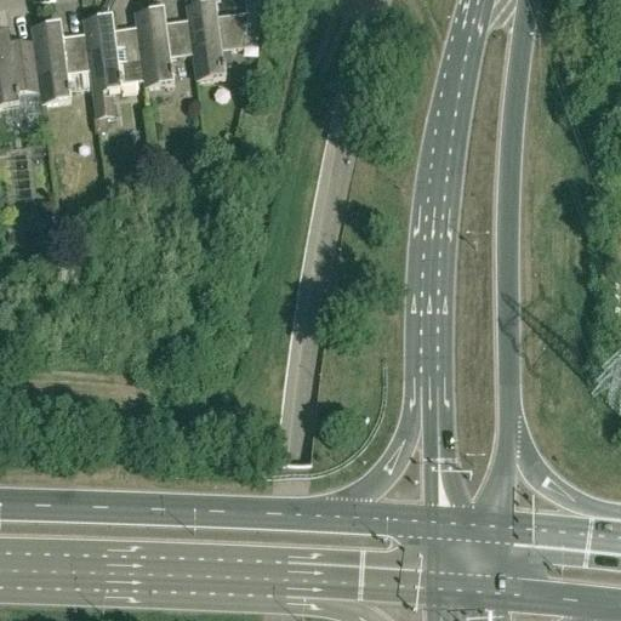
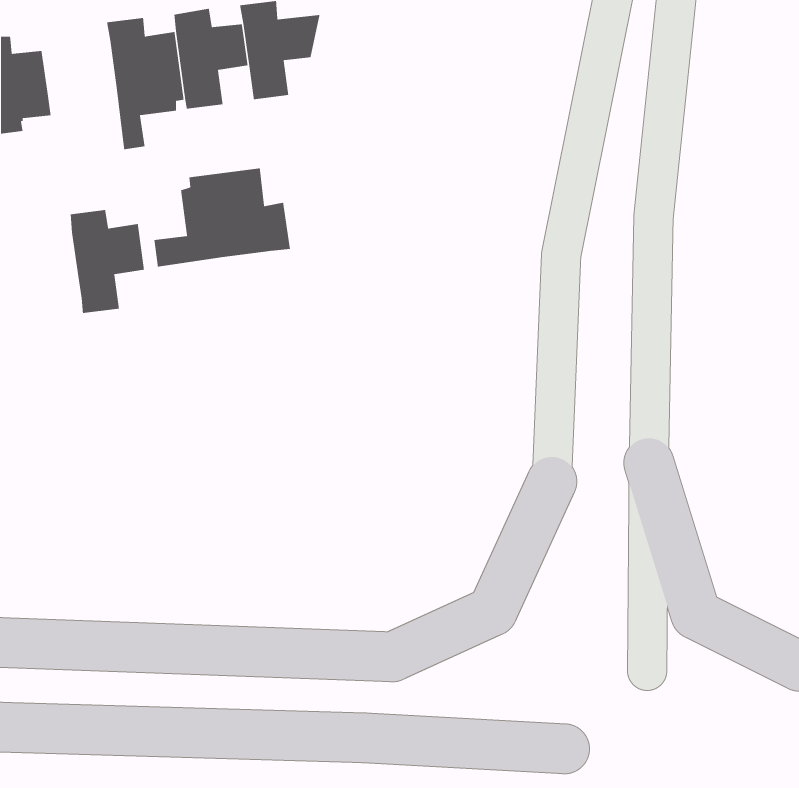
building: [32,21,90,102] -> [70,209,145,314]
building: none -> [154,167,291,267]

